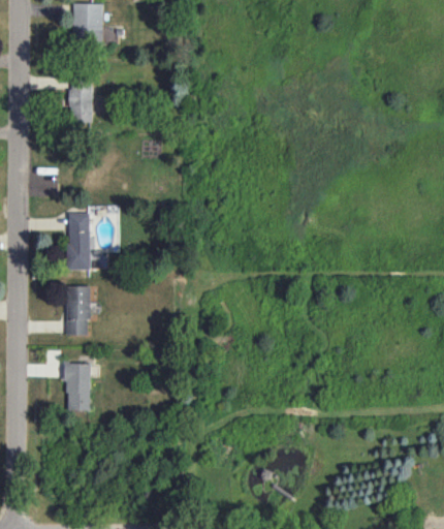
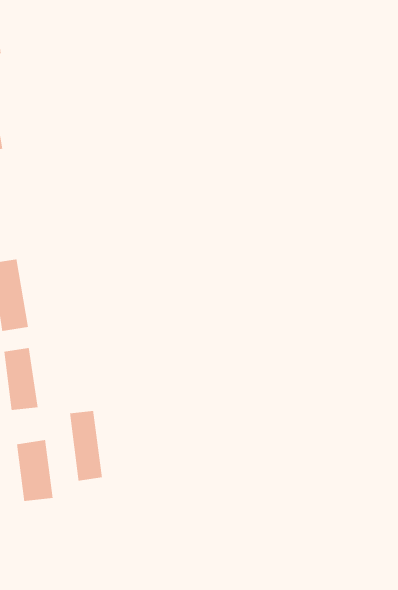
building: none -> [69,410,102,482]

